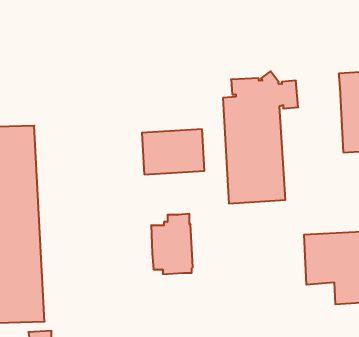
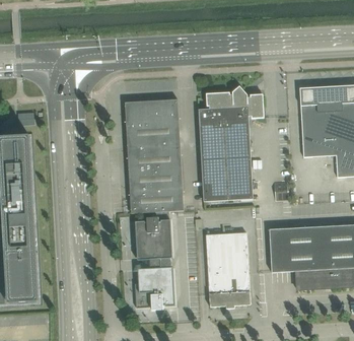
building: none -> [125,99,180,140]
building: none -> [129,174,184,213]
building: none -> [205,232,250,309]
building: none -> [135,263,174,311]

